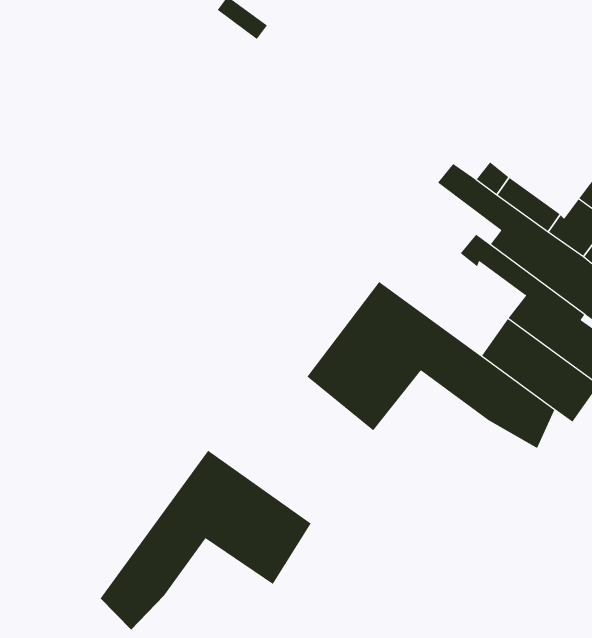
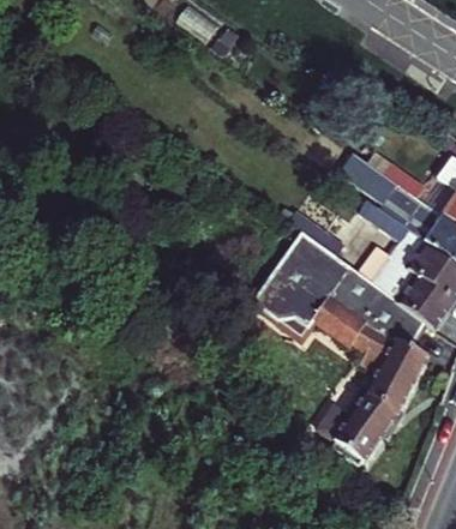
building: none -> [313,295,426,464]
building: [100,450,312,630] -> none

